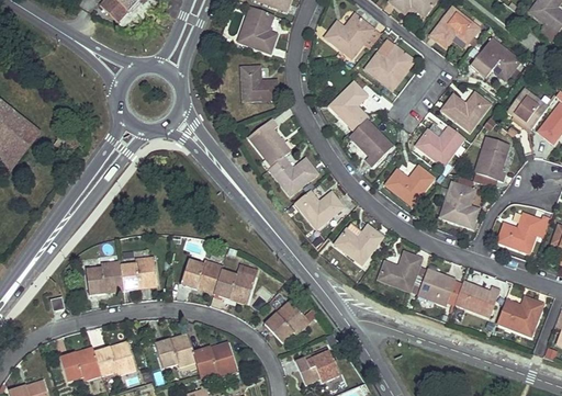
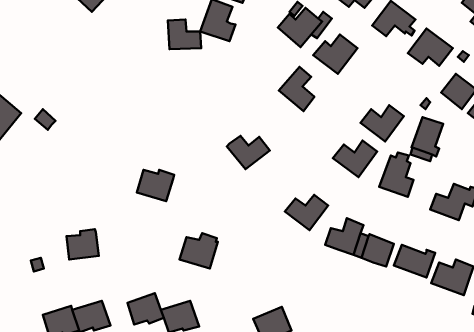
building: [239,67,277,100] -> [168,20,201,49]
building: [441,91,490,128] -> none
building: [347,115,393,163] -> none
building: [247,120,289,167] -> none
building: [293,191,341,229] -> none
building: [121,258,159,292] -> none
building: [181,261,223,296] -> [137,170,174,201]
building: [266,302,319,343] -> none

